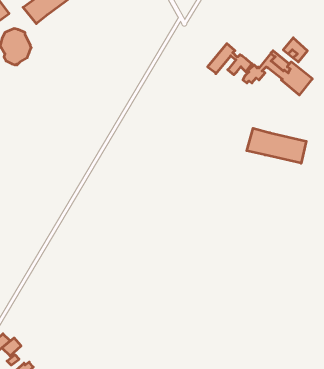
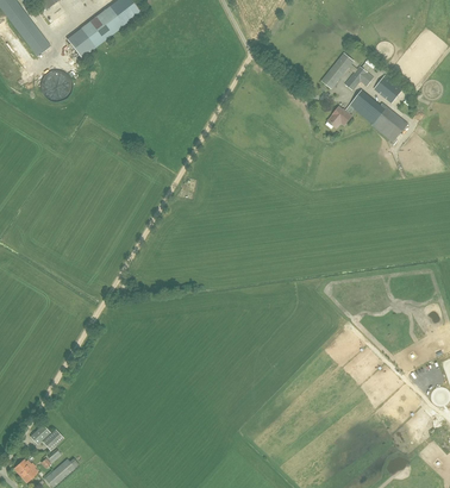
building: [208,44,252,75] -> [321,52,374,89]
building: [247,128,306,163] -> none

